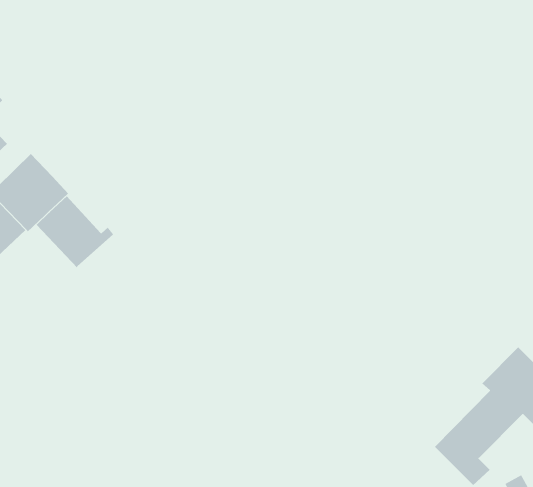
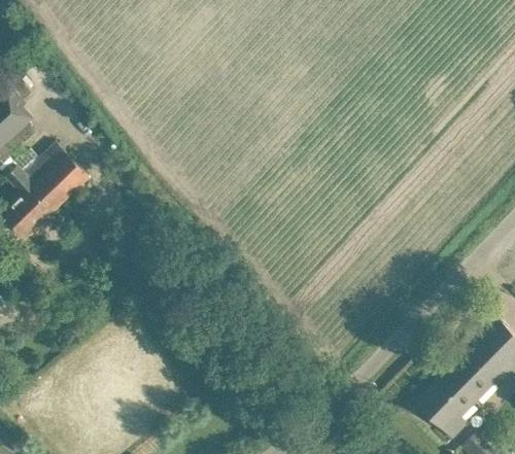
building: [36,196,114,269] -> none

